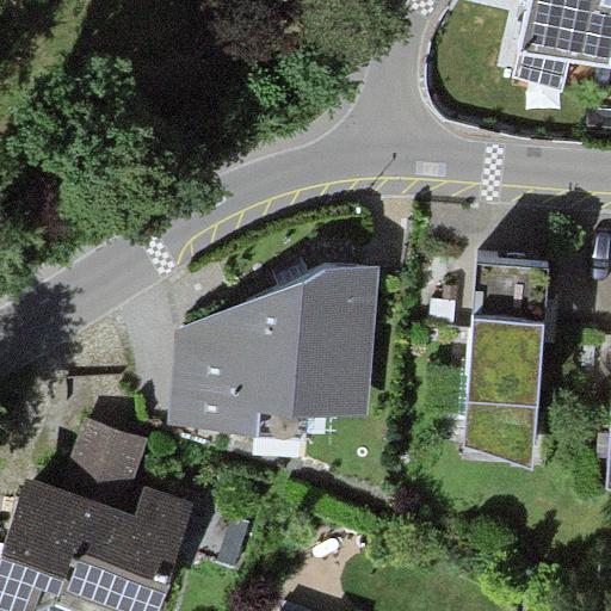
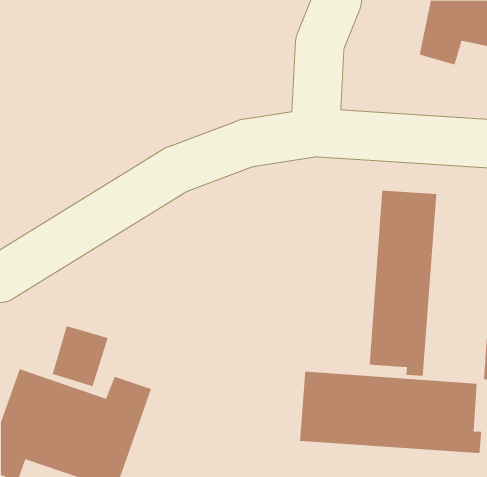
building: [169,267,371,433] -> none
building: none -> [300,371,482,454]

